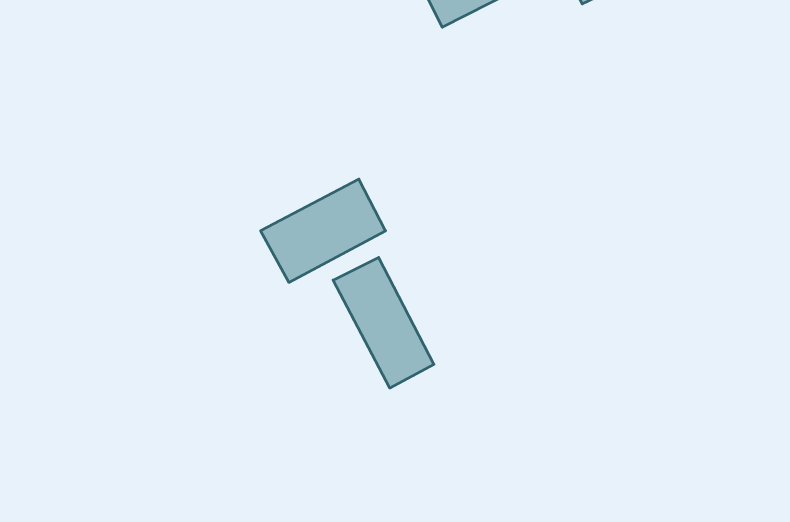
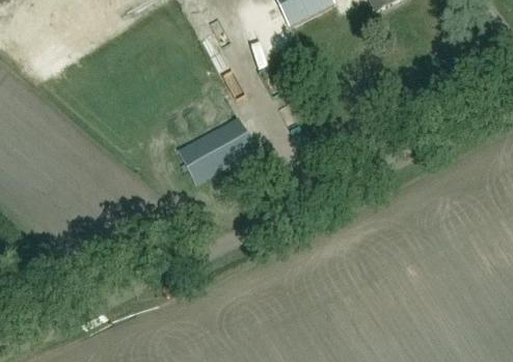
building: [333,257,434,388] -> none

